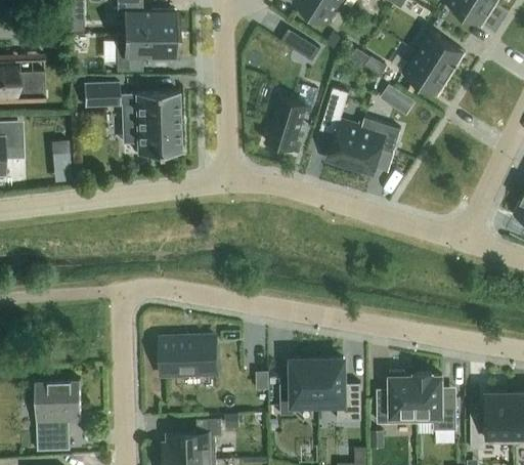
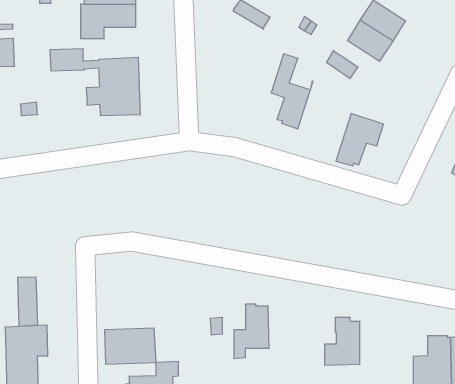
building: [265,96,308,151] -> none
building: [349,118,400,174] -> [336,114,384,166]
building: none -> [18,277,38,326]
building: [161,337,216,376] -> [105,328,156,364]
building: [317,356,361,421] -> none
building: [416,374,455,429] -> none

